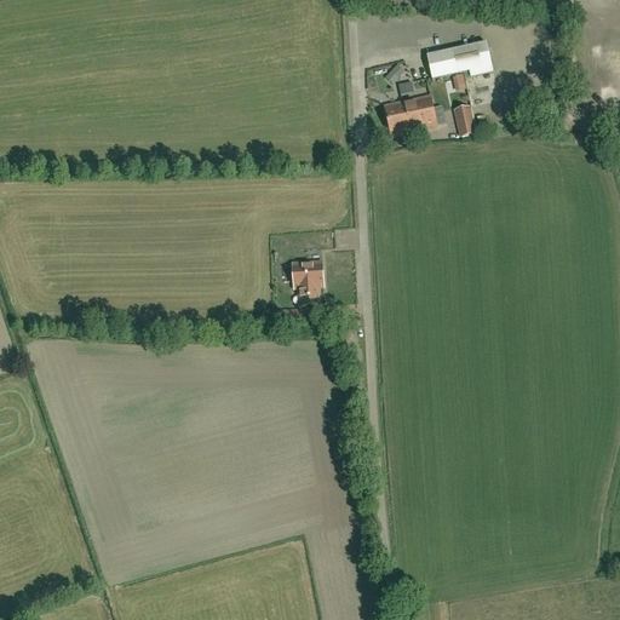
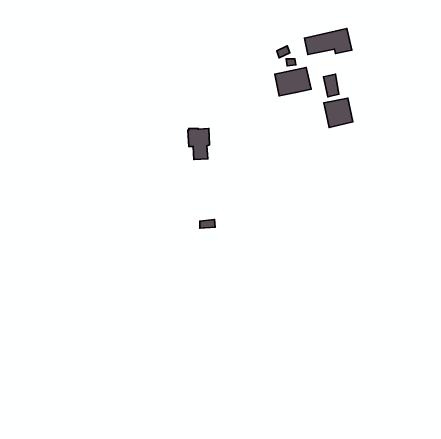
building: none -> [324,98,353,127]
building: [292,262,322,305] -> [188,128,210,160]

